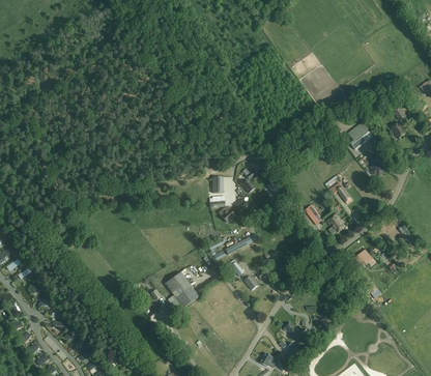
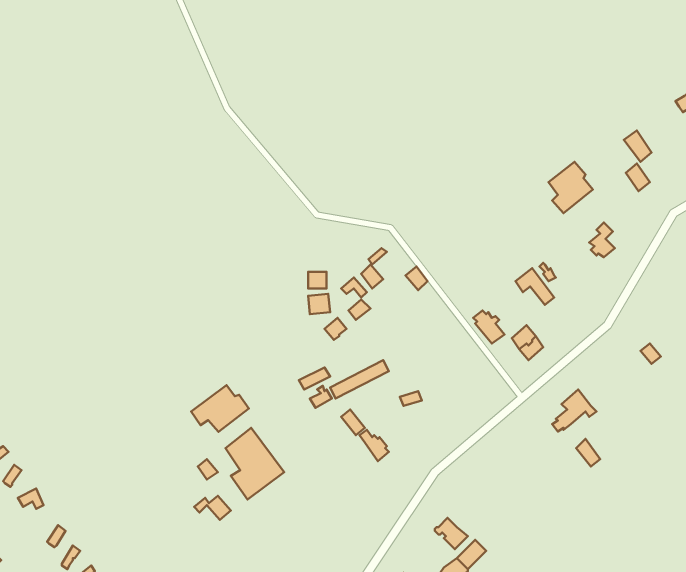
building: none -> [191,385,249,432]

